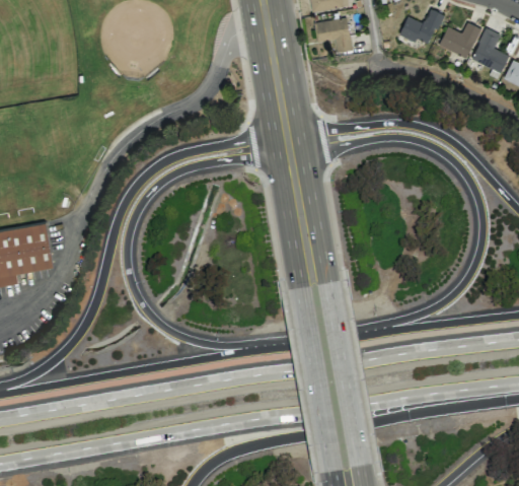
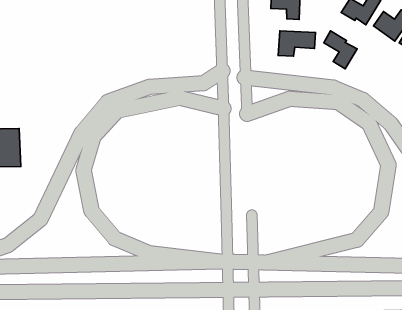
building: none -> [324,31,357,69]
building: none -> [278,31,316,56]

